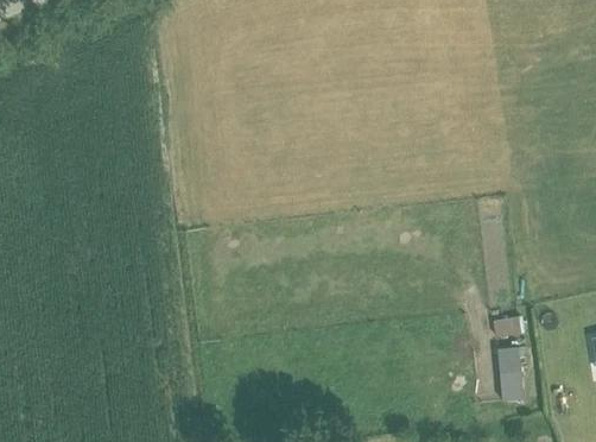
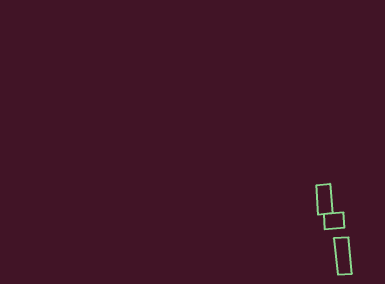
building: none -> [316,184,332,215]

